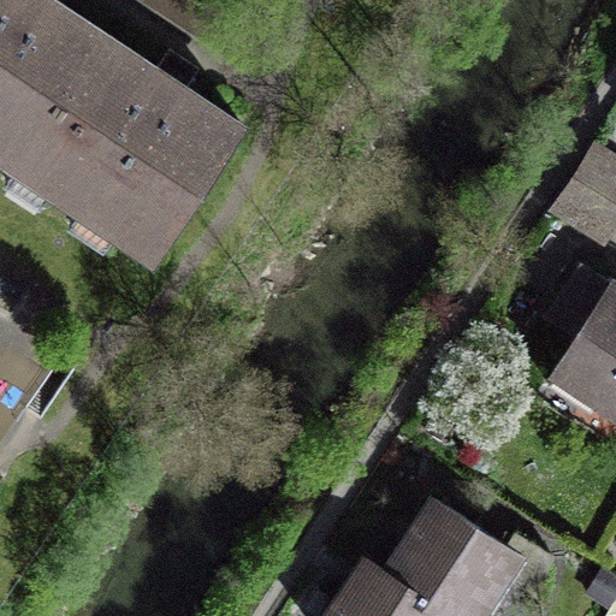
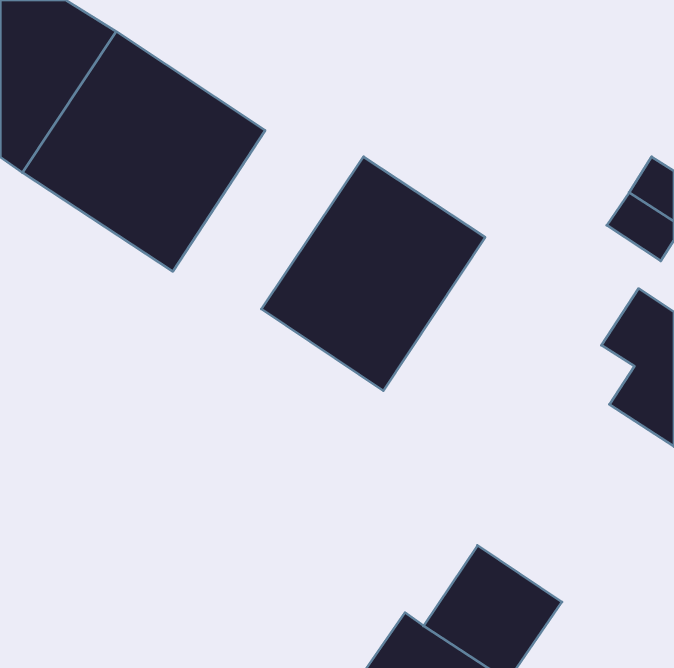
building: none -> [261,157,485,391]

